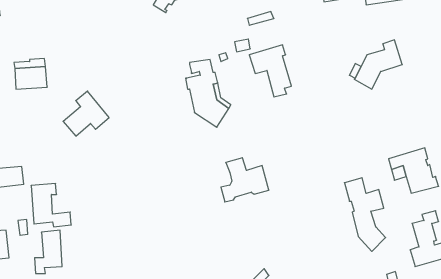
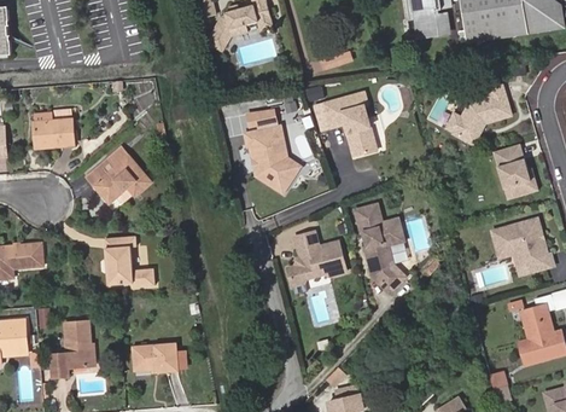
building: none -> [497,143,537,196]
building: [344,178,386,251] -> [354,202,404,292]
building: [31,184,71,227] -> [105,234,154,288]
building: none -> [133,344,175,371]

